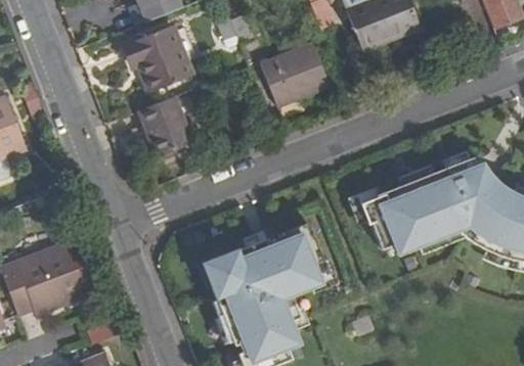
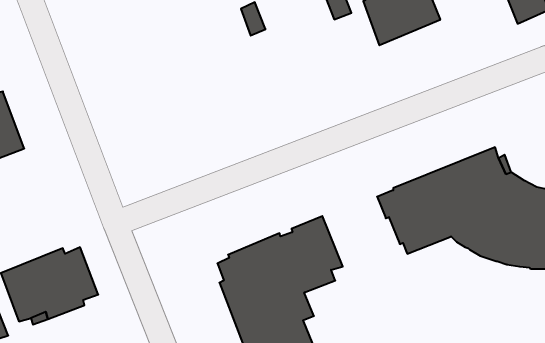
building: [126,26,192,92] -> none
building: [261,44,329,105] -> none
building: [140,97,196,159] -> none

